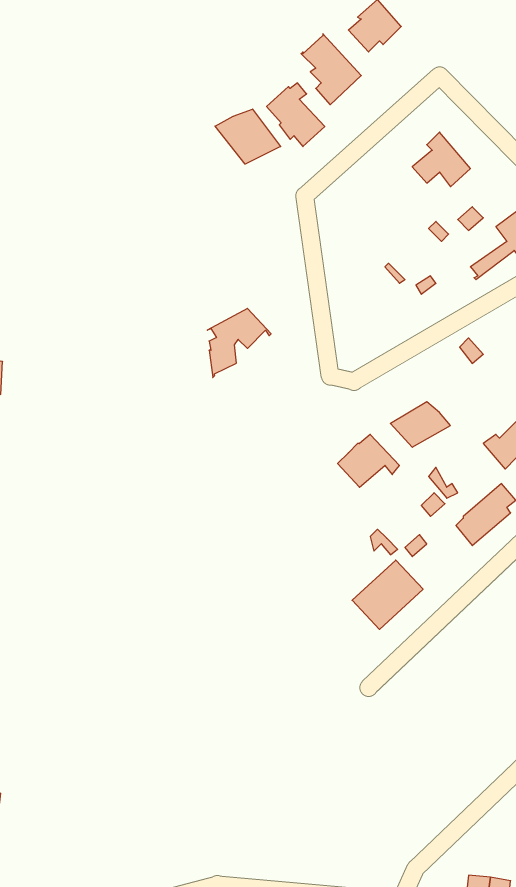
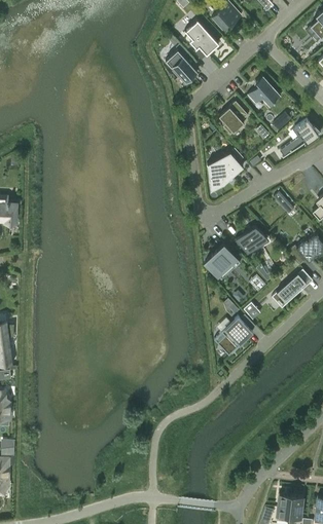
building: [215,109,281,164] -> none
building: none -> [219,101,249,136]
building: [207,308,271,378] -> [208,152,244,191]

